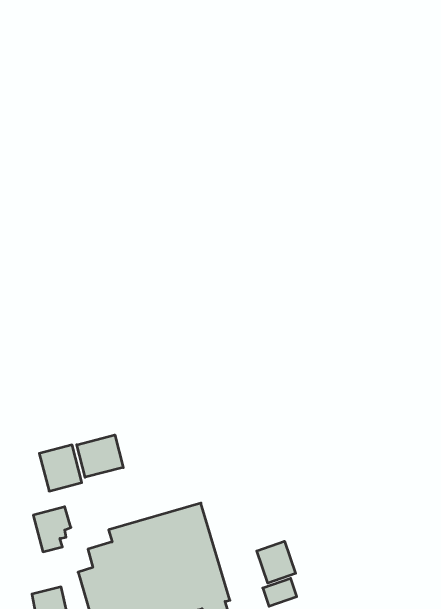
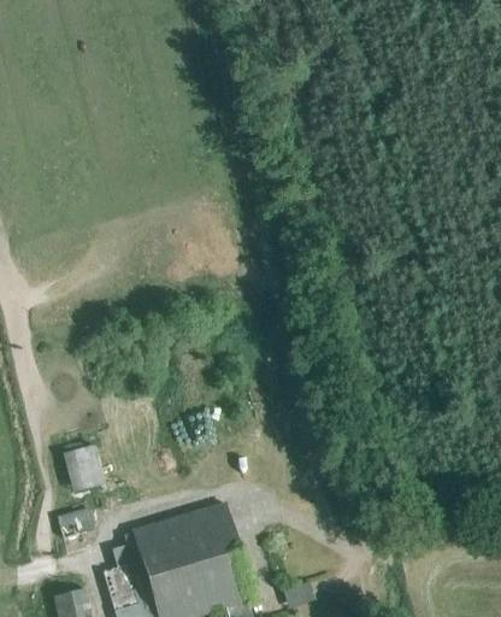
building: [77,435,123,477] -> none
building: [257,541,296,583] -> none

